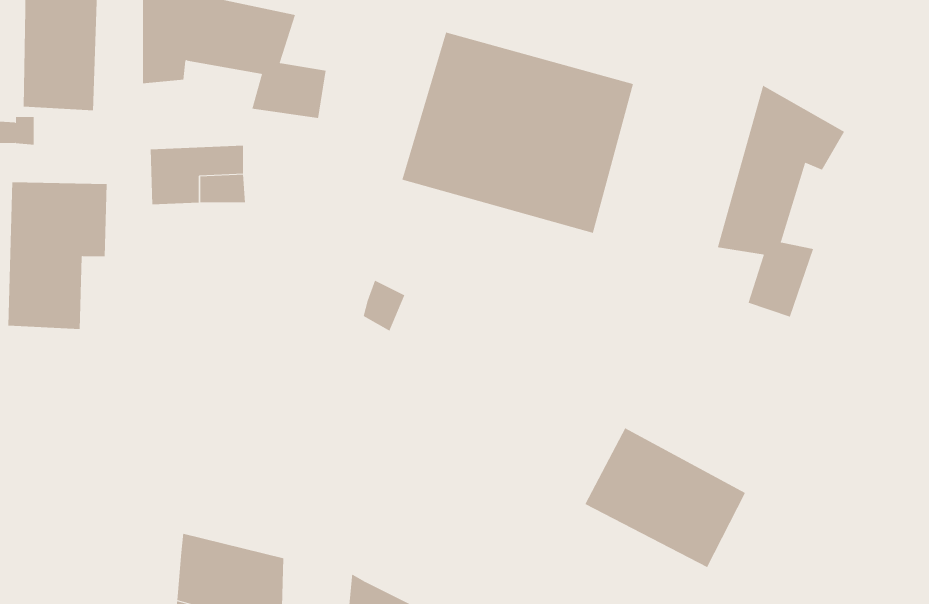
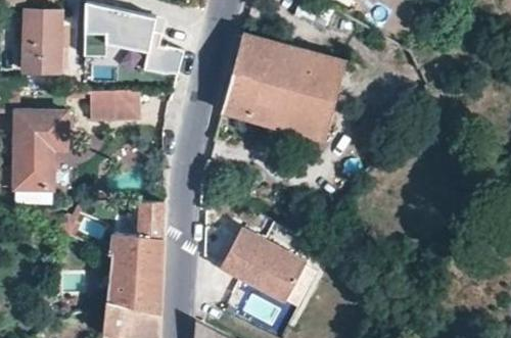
building: [717,85,845,318] -> none
building: none -> [106,216,165,311]
building: [584,427,746,568] -> [220,233,306,307]

